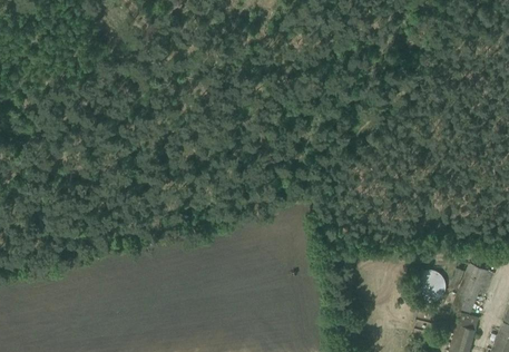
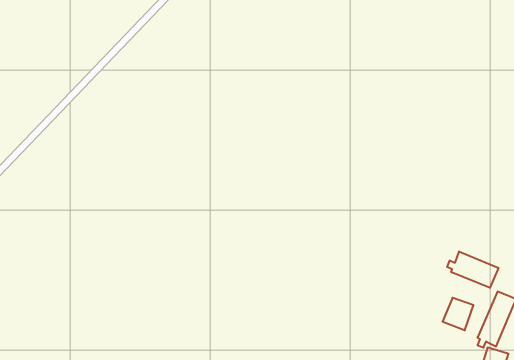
building: none -> [447,251,499,288]

